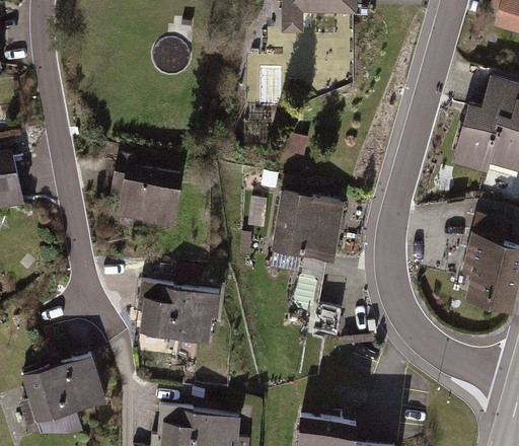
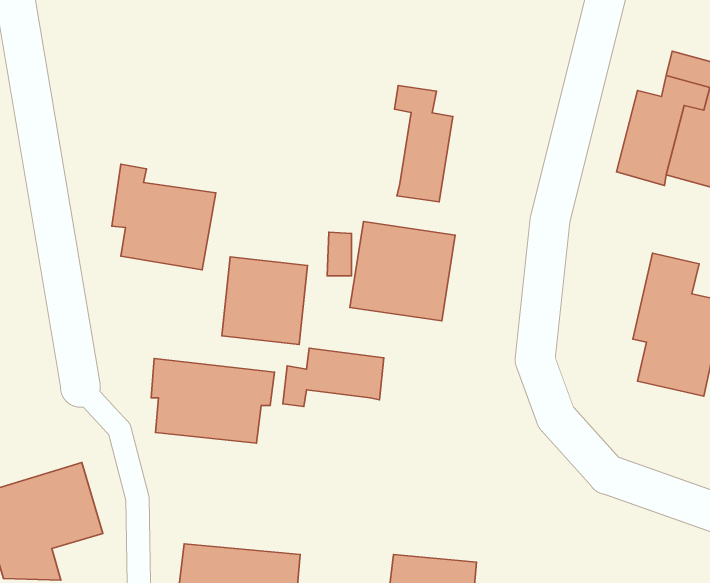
building: none -> [394,85,453,202]
building: none -> [222,257,307,345]
building: none -> [283,348,384,407]

